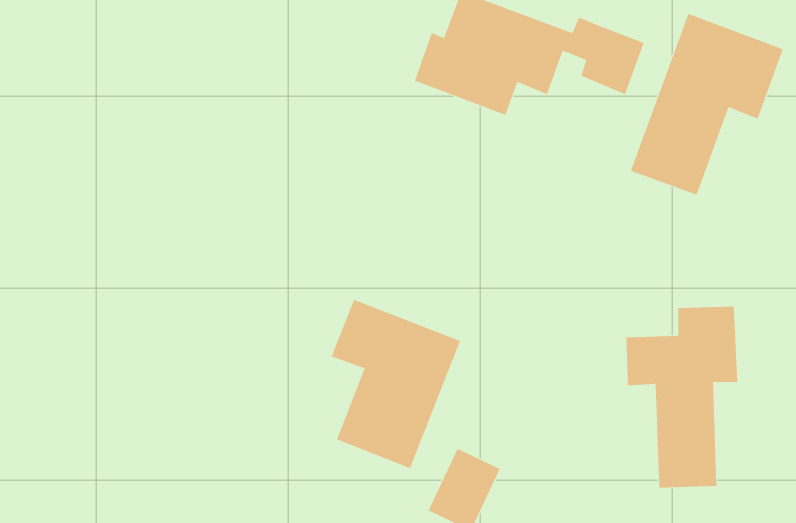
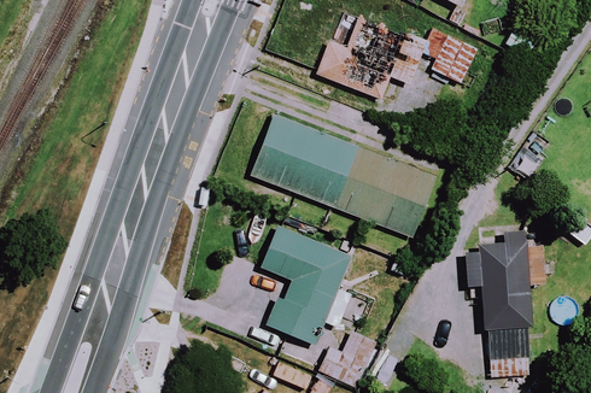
building: [630,13,784,195] -> none
building: none -> [251,115,434,237]

